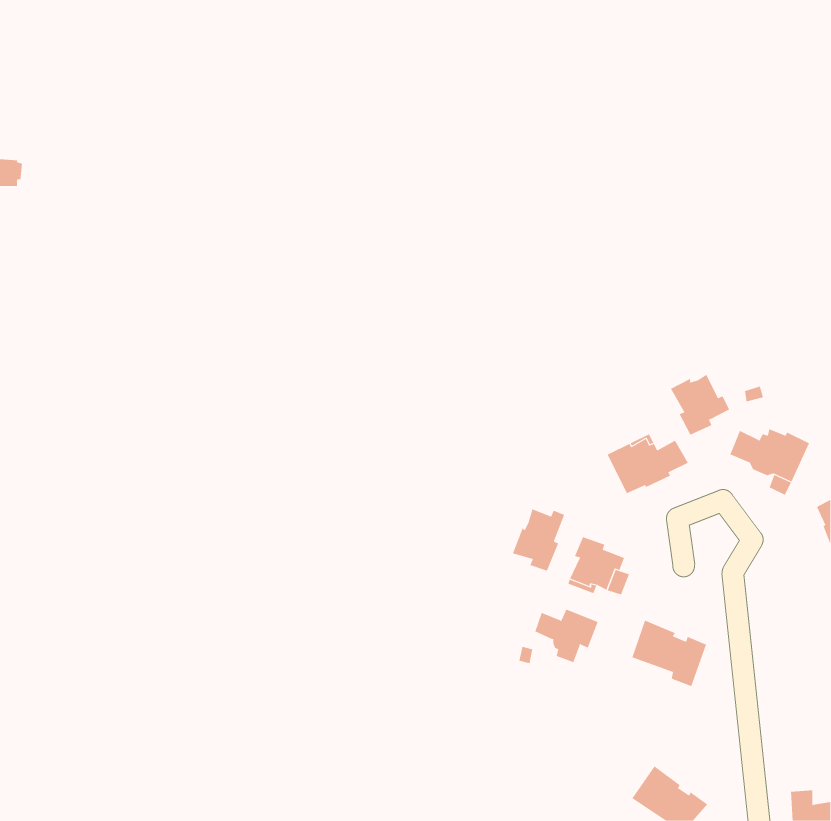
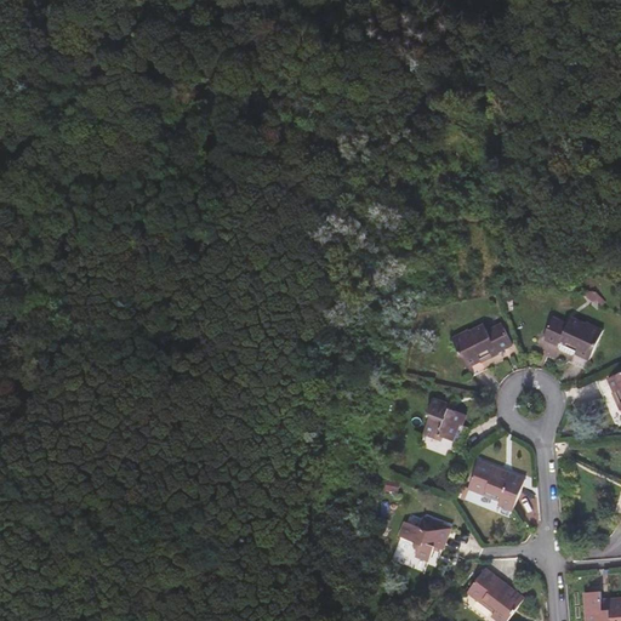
building: [670,374,730,436] -> none
building: [512,509,565,572] -> none
building: [535,609,598,663] -> [401,519,449,559]

